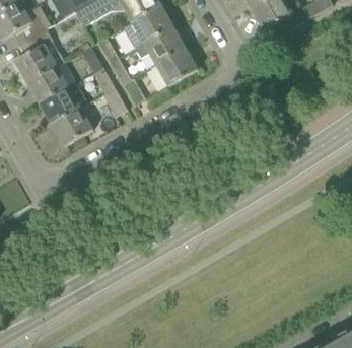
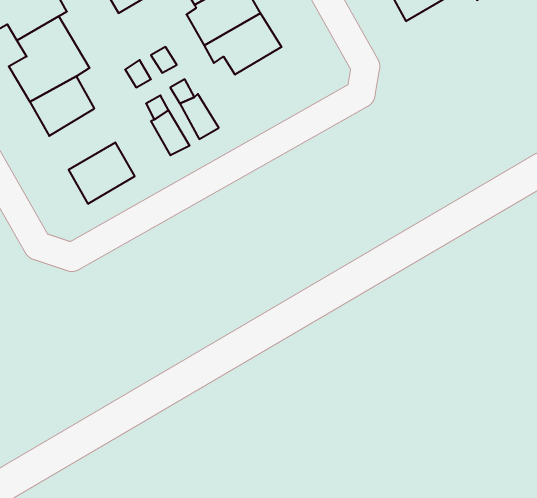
building: [154,46,196,84] -> none
building: [38,80,85,123] -> none

